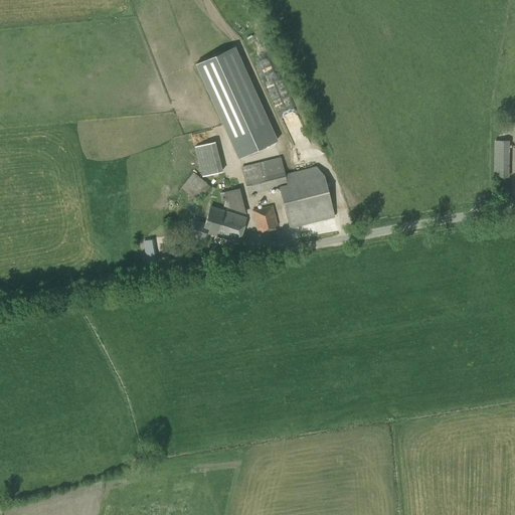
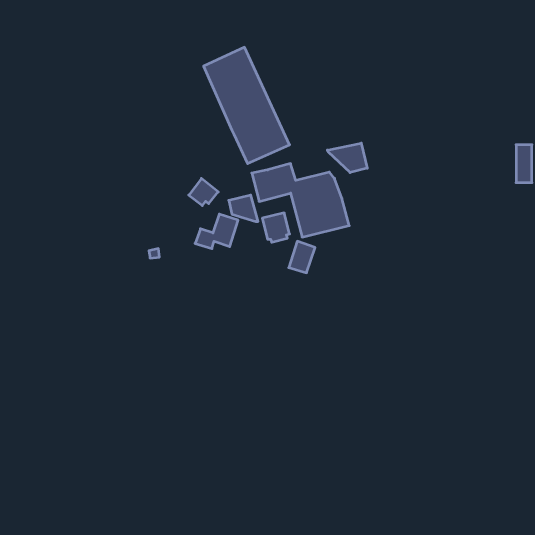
building: none -> [327,143,367,173]
building: [197,141,223,175] -> none
building: [221,211,246,241] -> [289,241,315,273]

